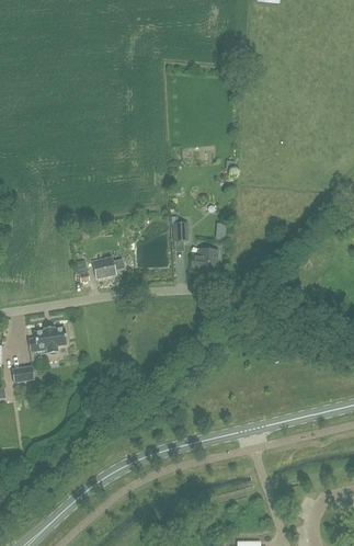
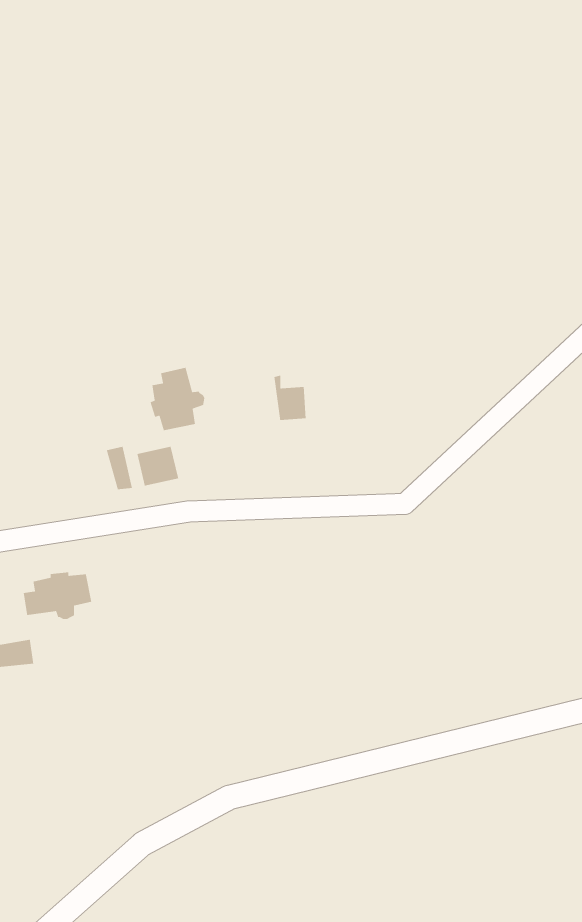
building: none -> [150,367,205,431]
building: [191,248,217,272] -> none

